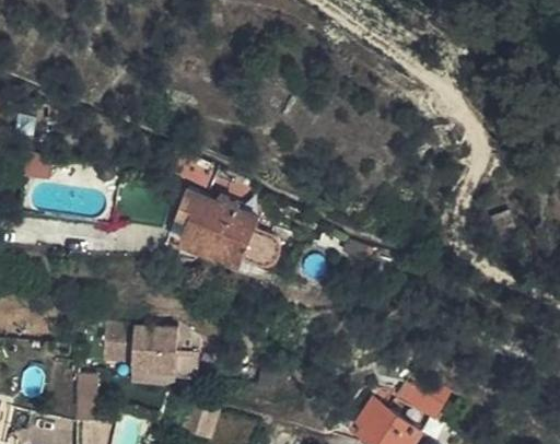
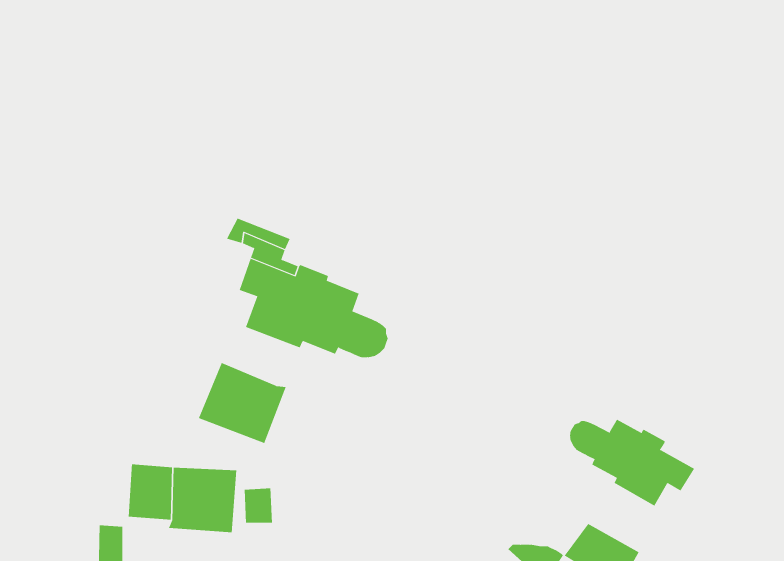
building: none -> [198,362,286,444]
building: none -> [570,419,695,506]

